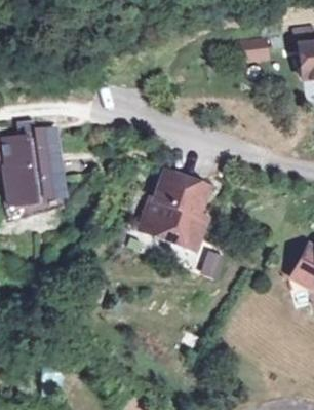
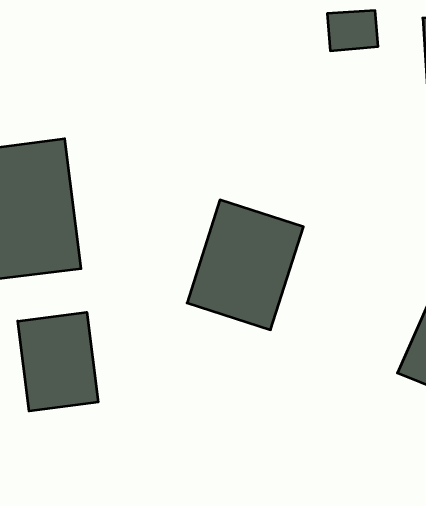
building: none -> [18,312,98,411]

